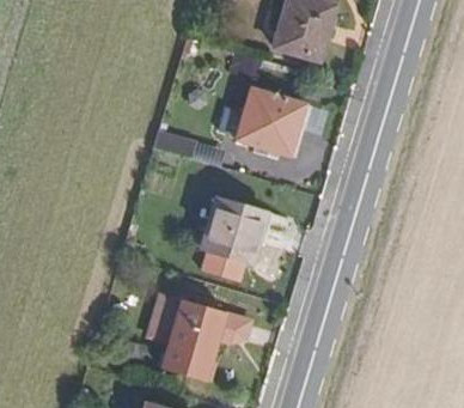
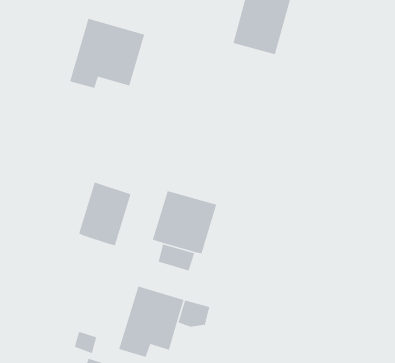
building: [232,87,310,160] -> [69,18,145,89]
building: none -> [78,181,131,246]

